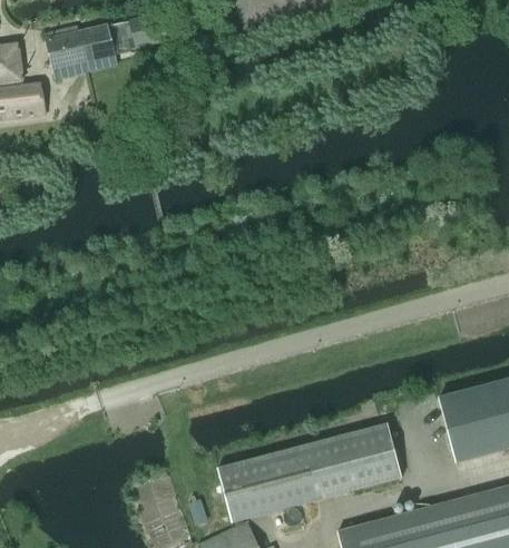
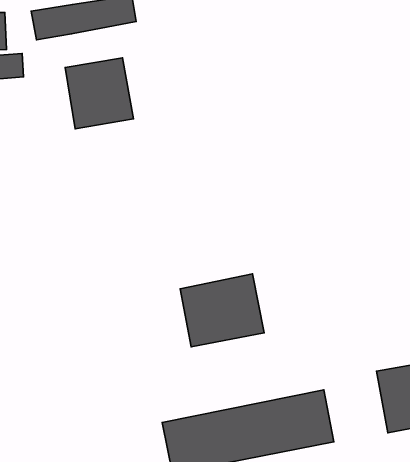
building: none -> [65,58,133,129]
building: none -> [180,274,264,347]

